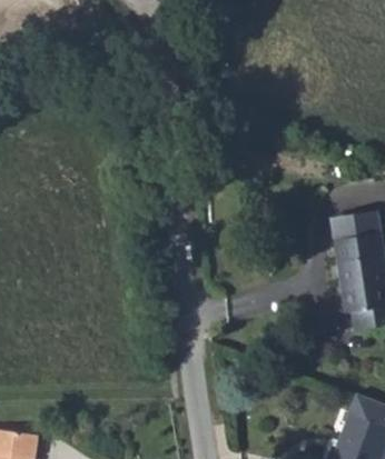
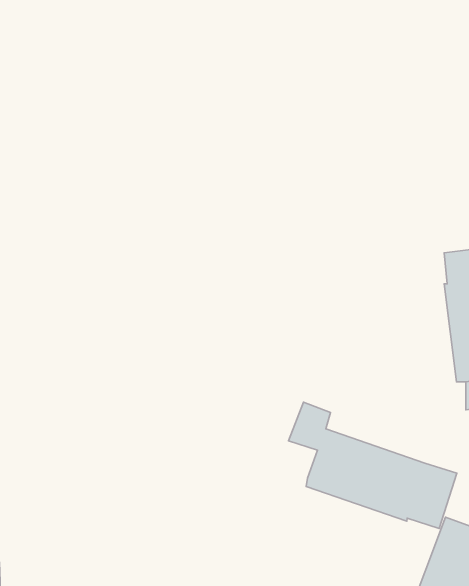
building: none -> [289,402,457,529]

